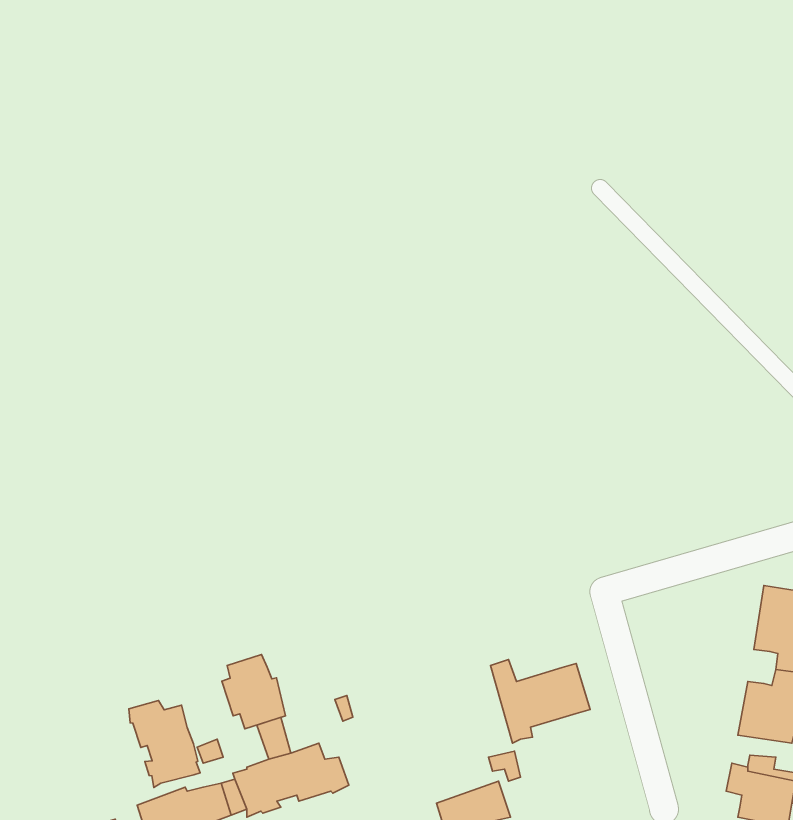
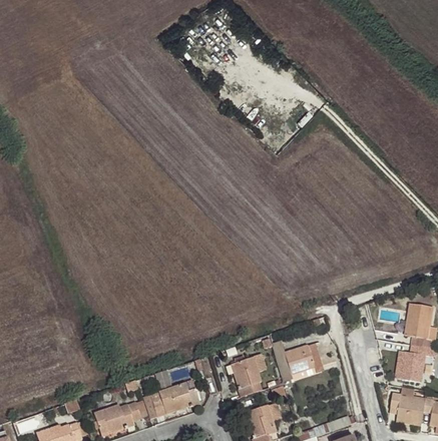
building: [222,655,286,729] -> none
building: none -> [233,353,267,397]
building: [129,700,200,787] -> none

